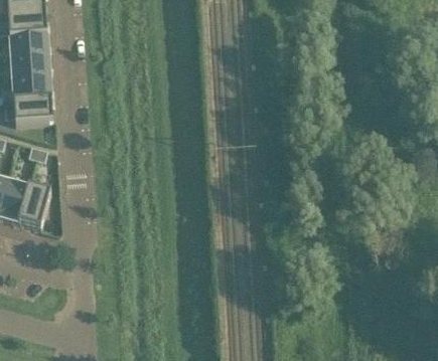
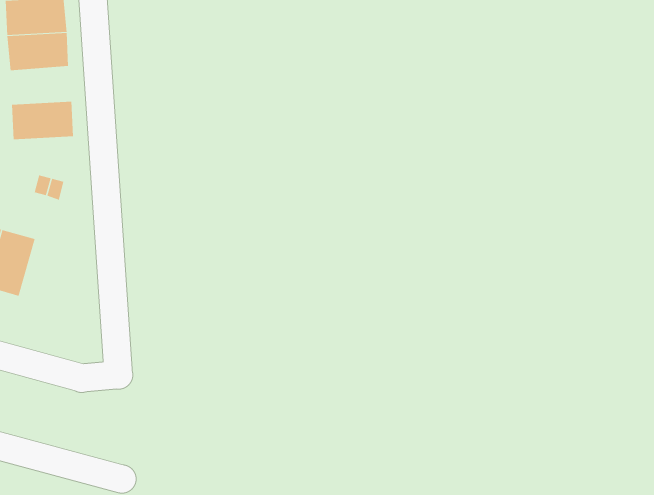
building: [12,77,51,102] -> none
building: [18,186,50,228] -> none

